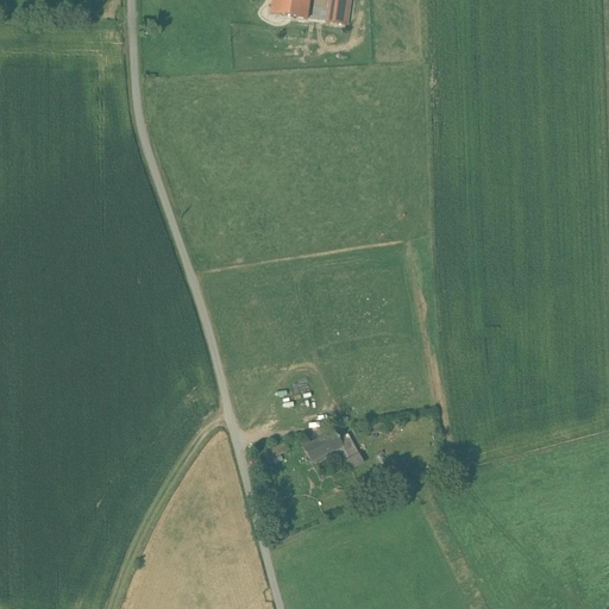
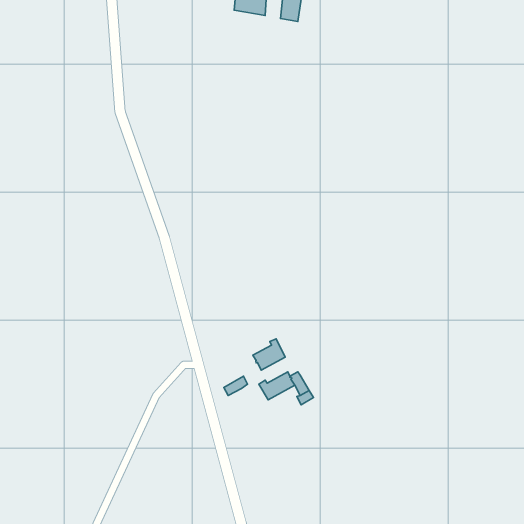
building: none -> [253,339,285,370]

